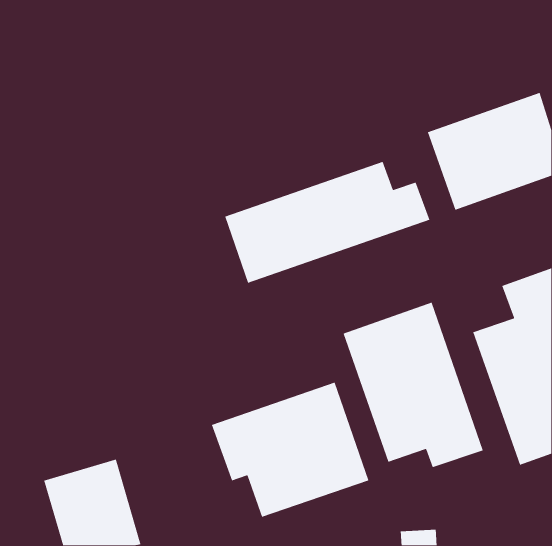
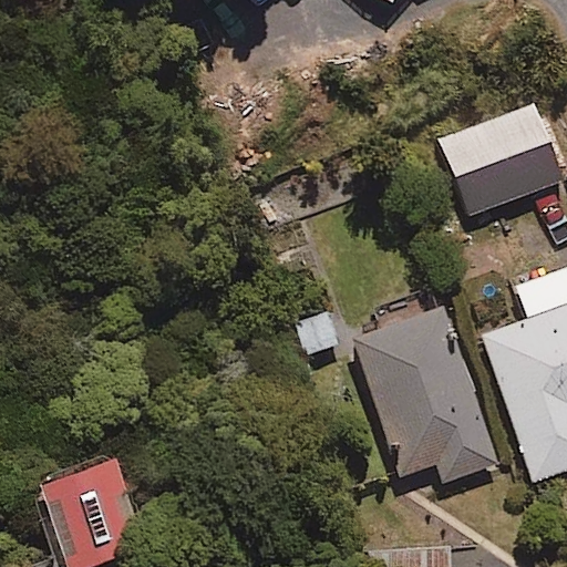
building: [224,161,430,284] -> none
building: [211,381,369,518] -> none

